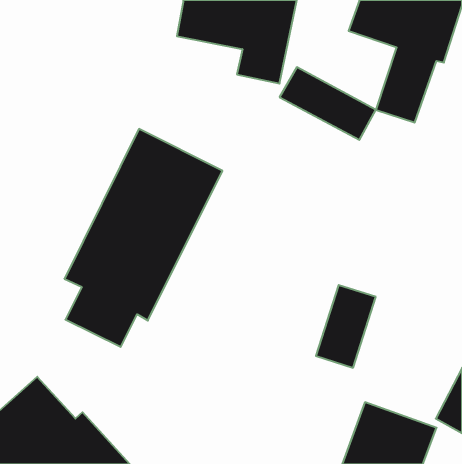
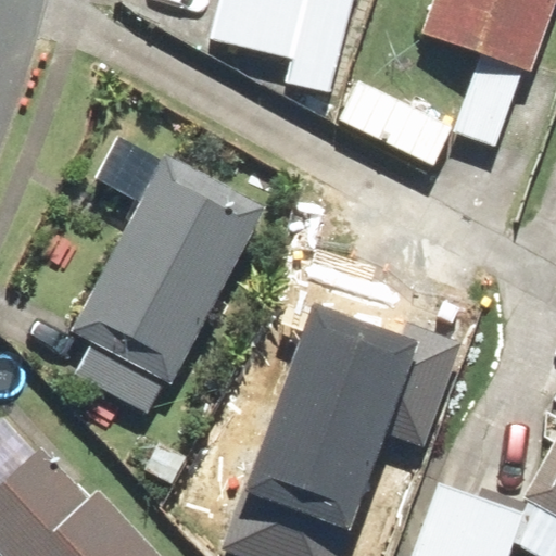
building: none -> [242,337,374,551]

